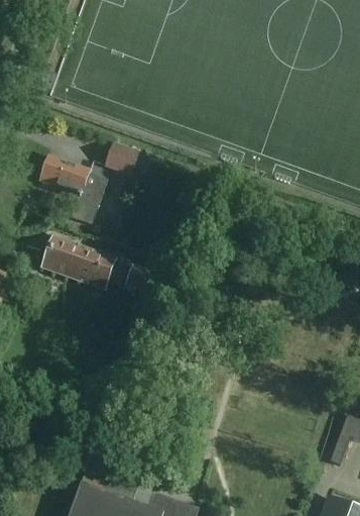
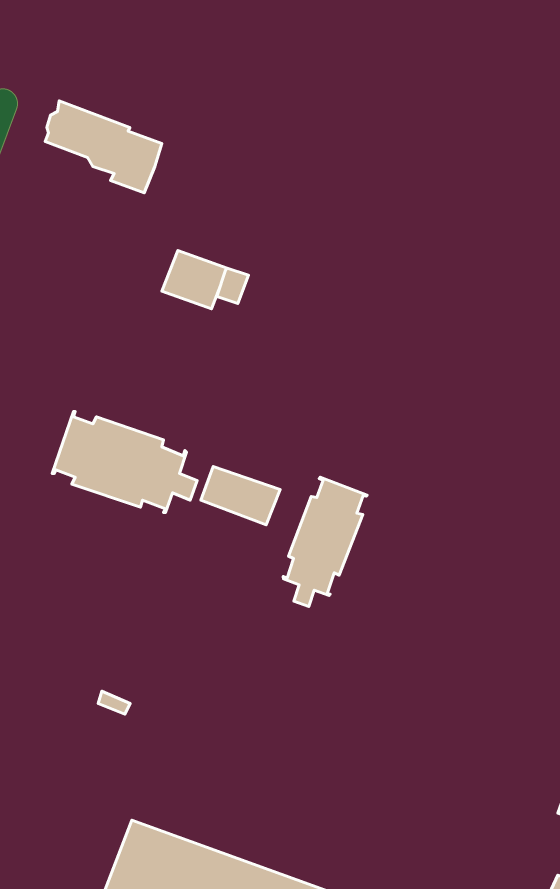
building: [40,159,107,211] -> [45,101,162,193]
building: none -> [283,477,367,607]

